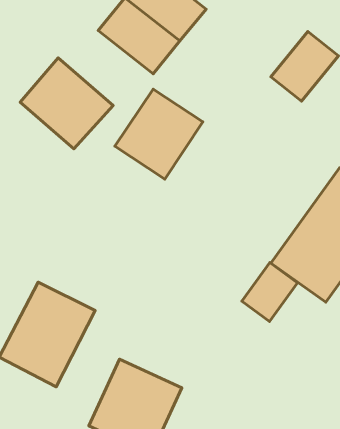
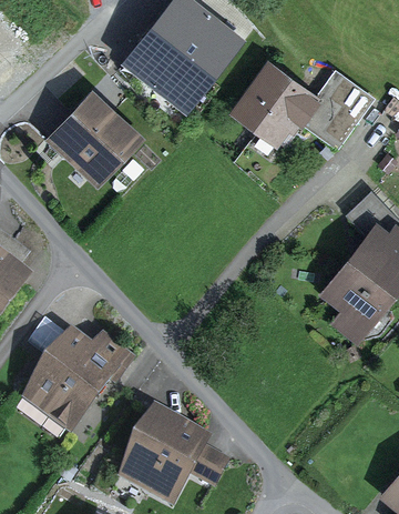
building: [115,89,203,179] -> [225,58,317,152]
building: [242,262,297,322] -> none

